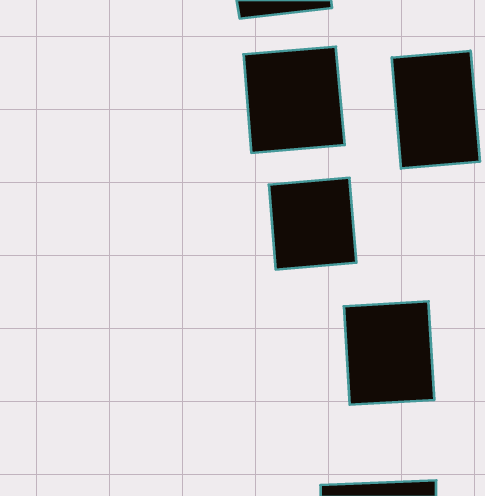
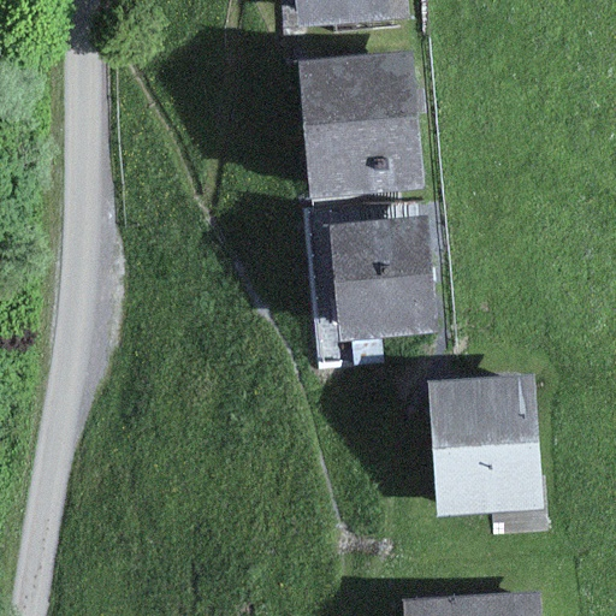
building: [392,51,480,169] -> none

